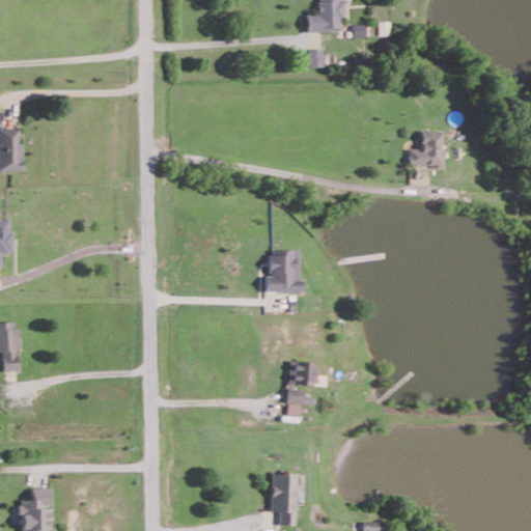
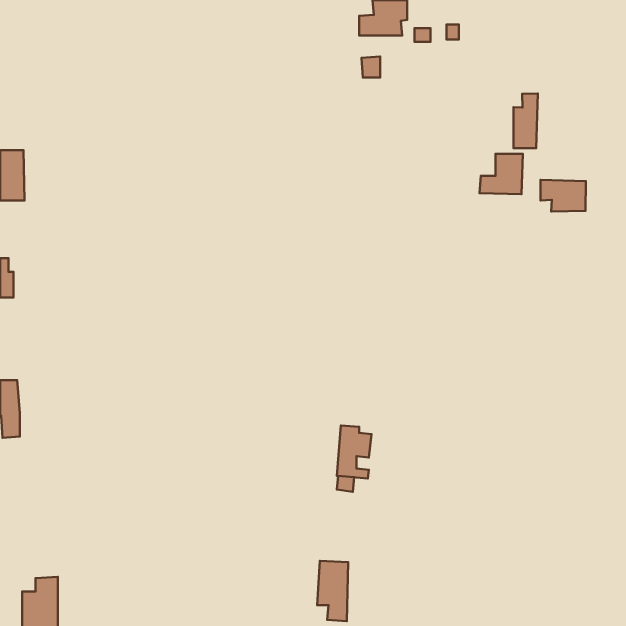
building: none -> [513,94,538,148]
building: none -> [540,180,586,212]
building: [264,250,301,292] -> none

